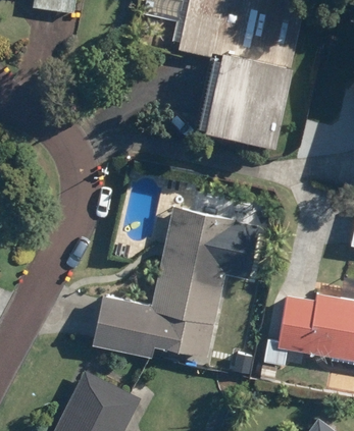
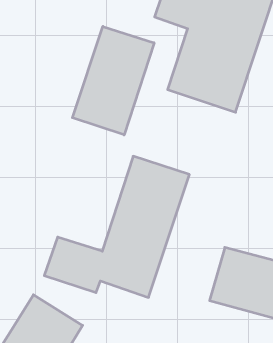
building: none -> [72,26,154,135]

